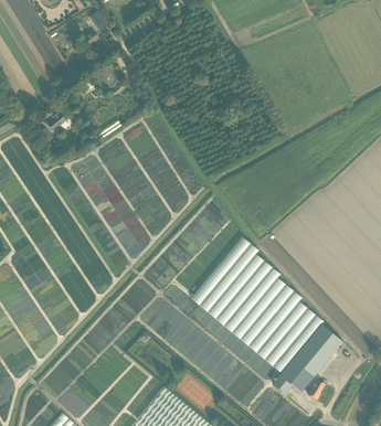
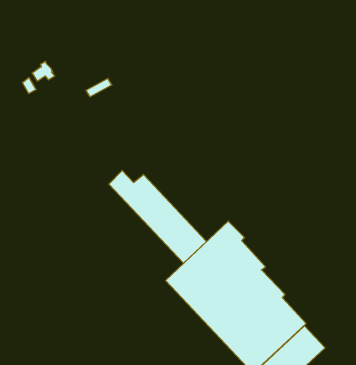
building: none -> [109,170,207,263]

